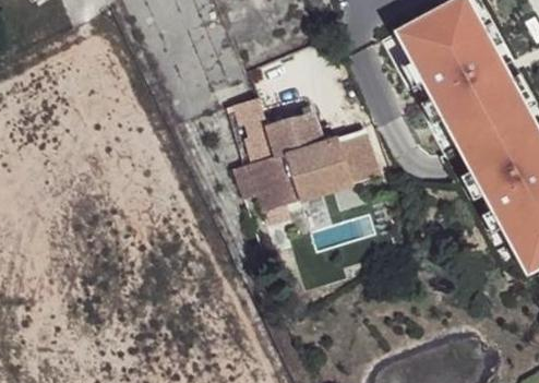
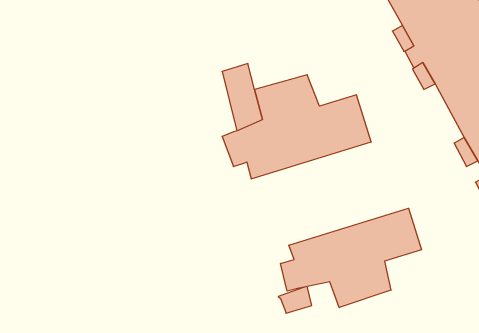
building: none -> [281,208,421,308]

